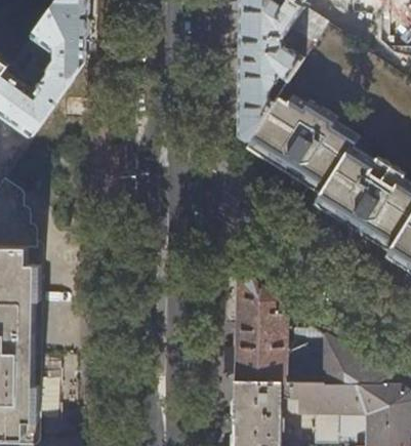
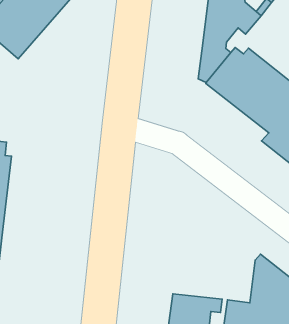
building: [235,281,324,386] -> none

